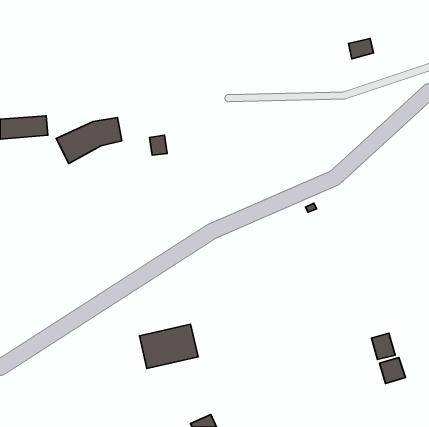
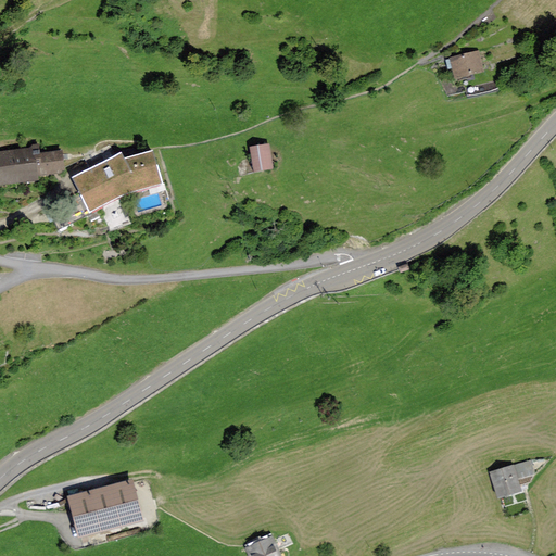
building: [150,135,167,155] -> [249,143,271,169]
building: [139,324,198,369] -> [65,480,141,538]
building: [371,333,395,359] -> none

